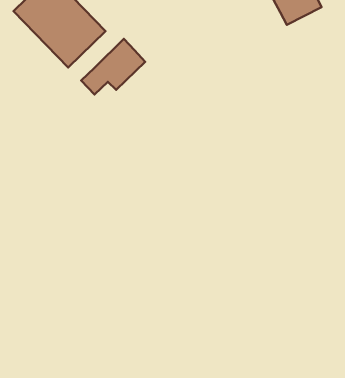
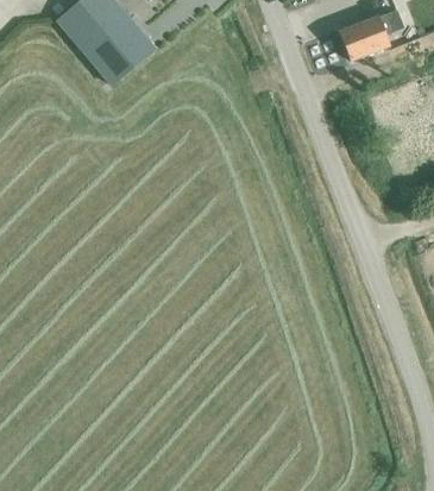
building: [81,39,145,94] -> none

